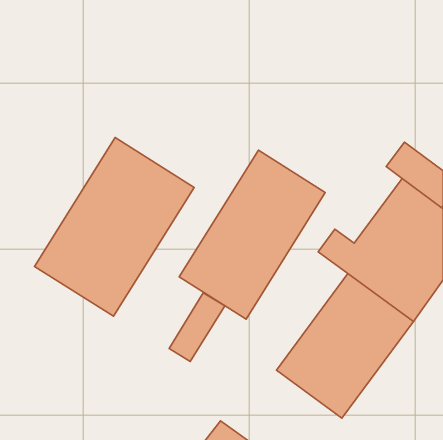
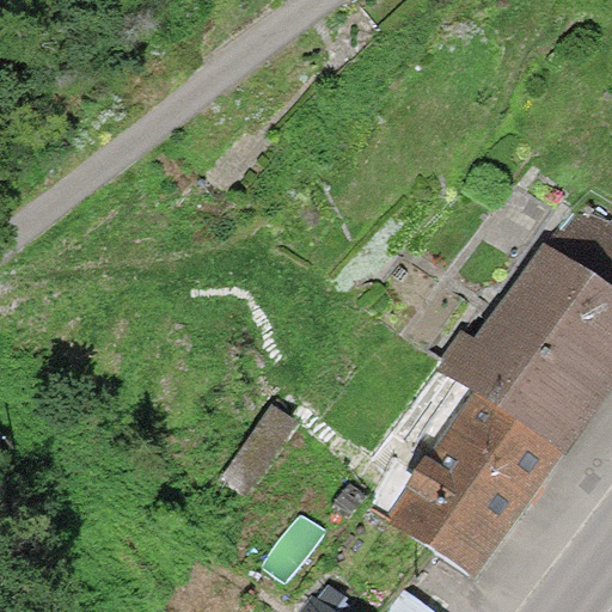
building: [34,138,194,316] -> none
building: [179,150,325,319] -> none

